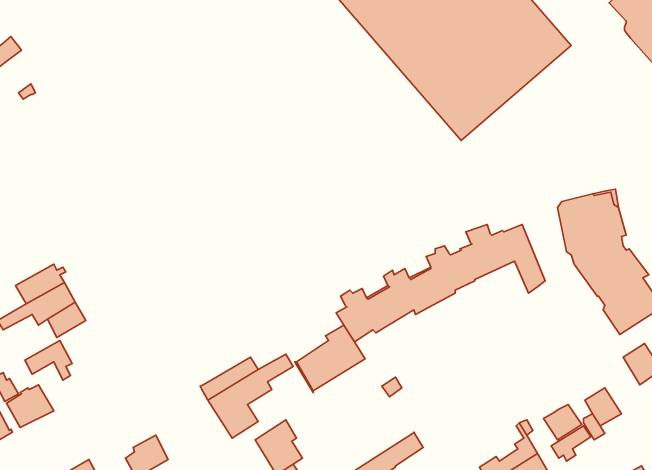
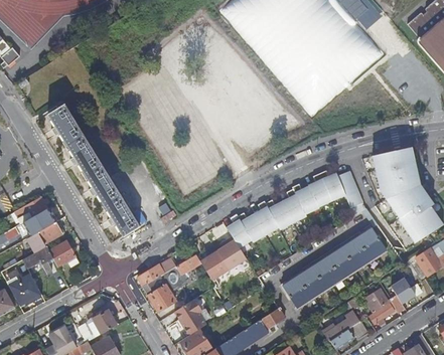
building: none -> [47,101,142,235]
building: none -> [283,207,392,307]
building: none -> [45,240,80,267]

